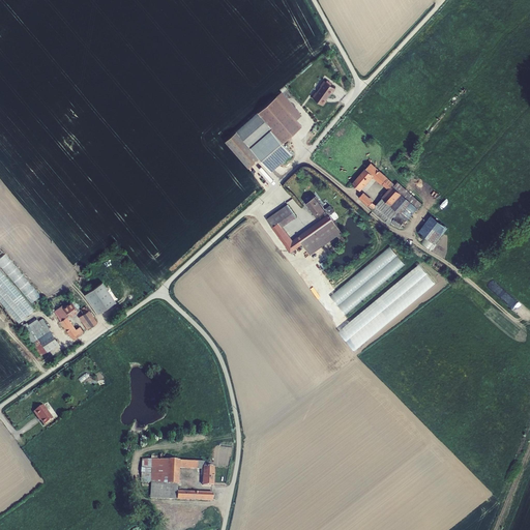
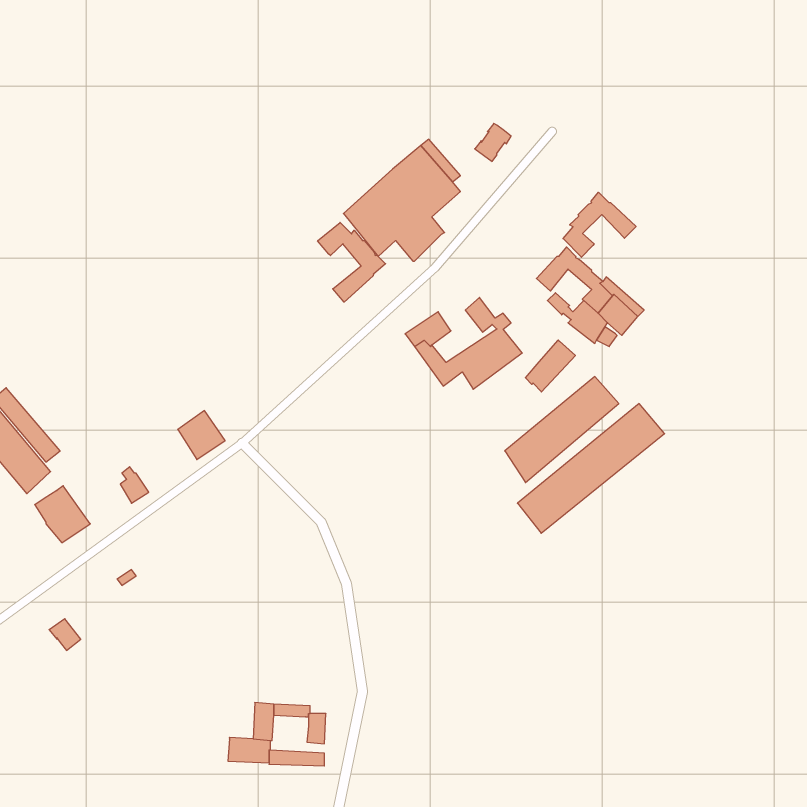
building: none -> [563,192,636,257]
building: none -> [318,222,386,302]
building: [418,216,447,244] -> none
building: none -> [525,340,575,392]
building: [85,282,116,314] -> [178,411,225,460]
building: [53,302,83,340] -> none
building: [139,460,167,484] -> none

